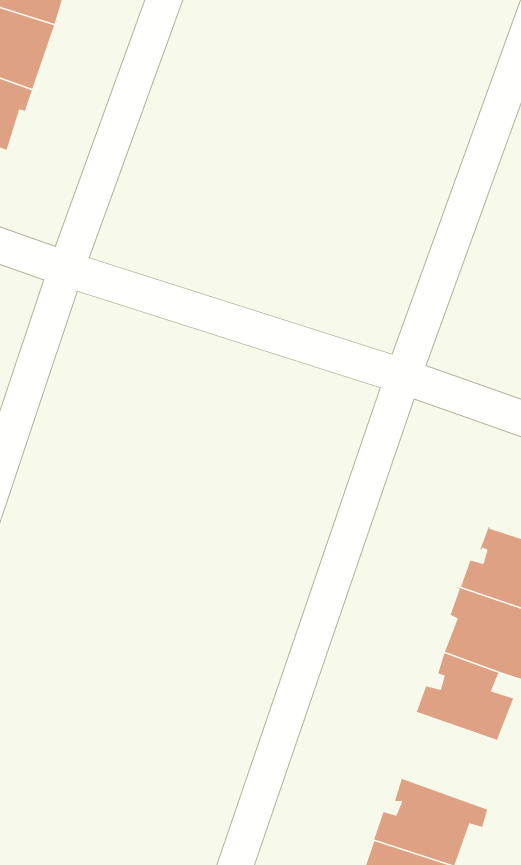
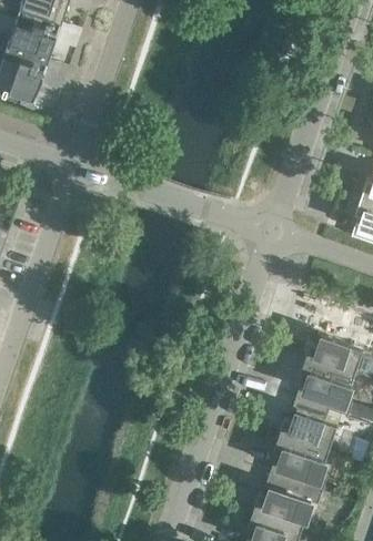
building: none -> [270,435,327,493]

